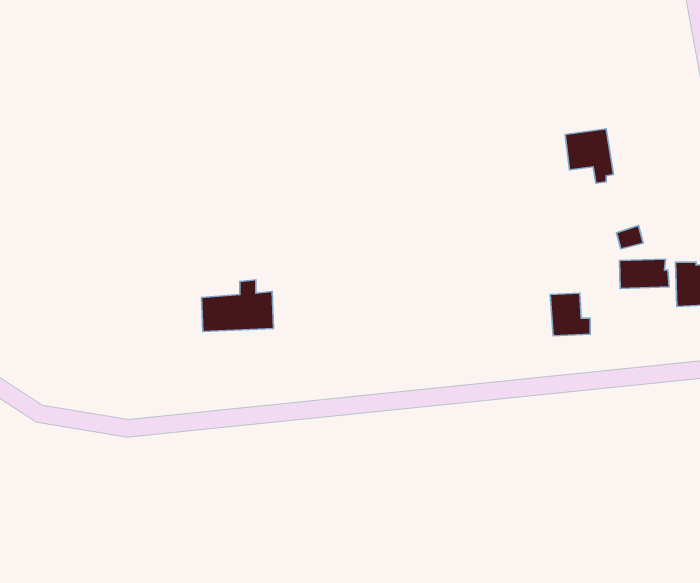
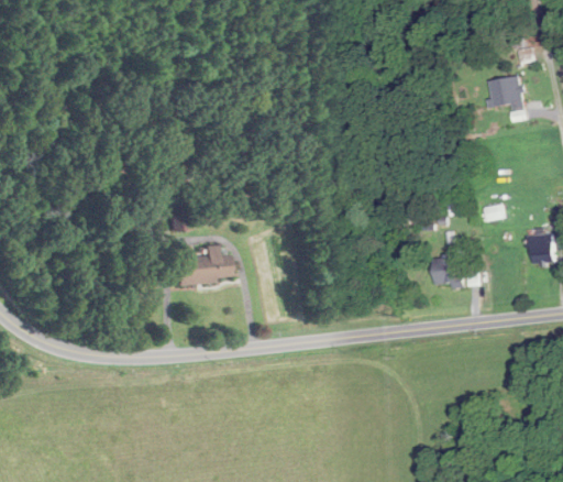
building: [565,129,614,183] -> [488,76,525,117]
building: [620,259,669,289] -> none

